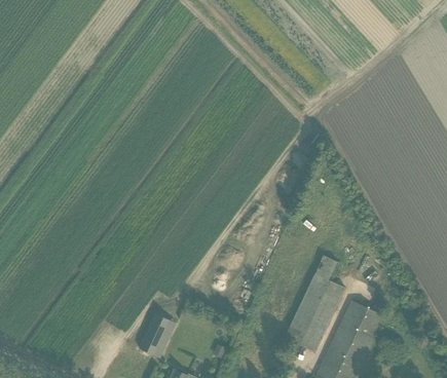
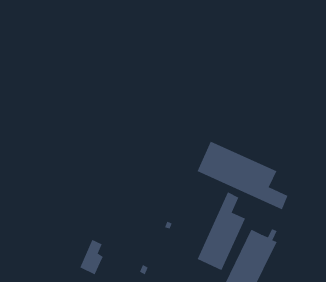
building: none -> [197,141,288,210]

